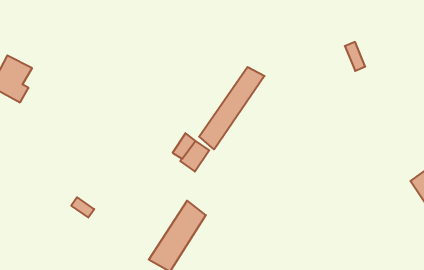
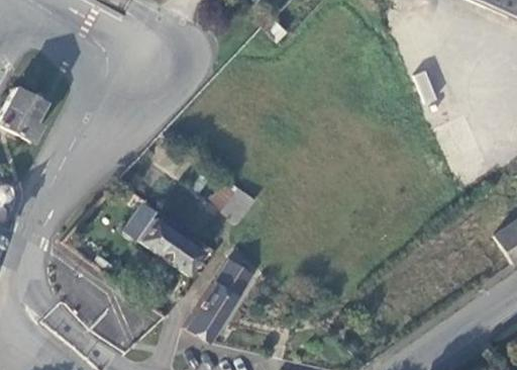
building: [199,67,265,149] -> none
building: none -> [128,203,205,276]

